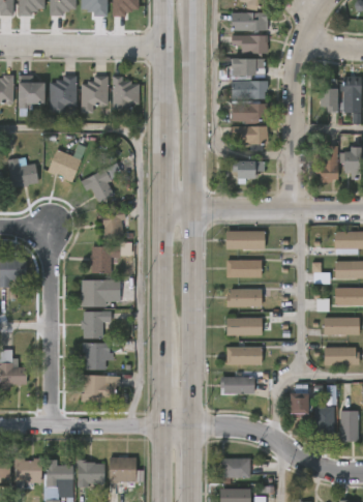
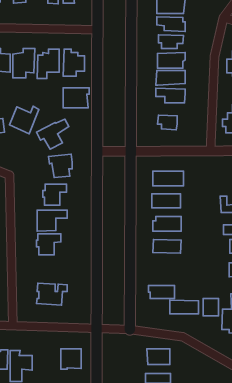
building: none -> [63,88,89,108]
building: [80,341,108,370] -> none
building: [226,347,263,364] -> [170,300,198,314]
building: [78,460,105,489] -> none

